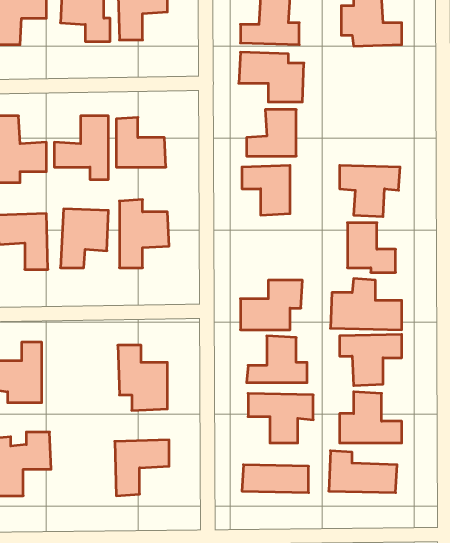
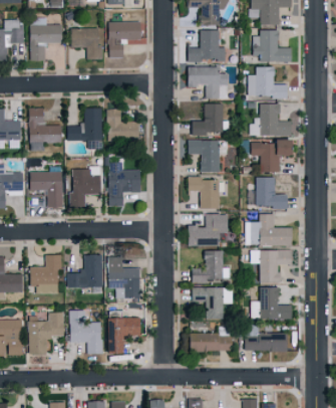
building: none -> [248,66,287,96]
building: none -> [252,104,292,136]
building: none -> [188,178,225,209]
building: none -> [68,255,104,287]
building: none -> [70,311,102,354]

